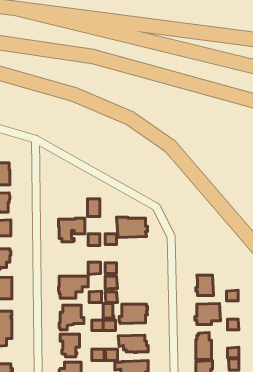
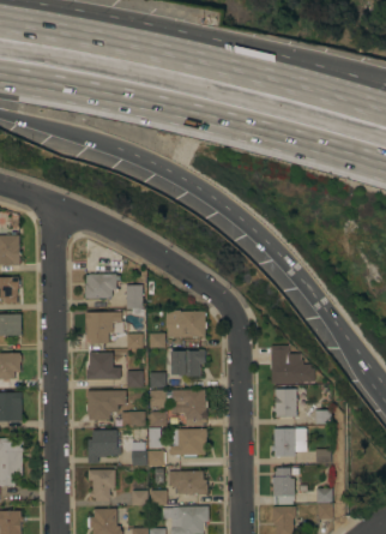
building: none -> [84,275,120,299]
building: none -> [270,346,313,384]
building: none -> [170,350,205,378]
building: none -> [85,353,120,380]
building: none -> [170,390,206,427]

